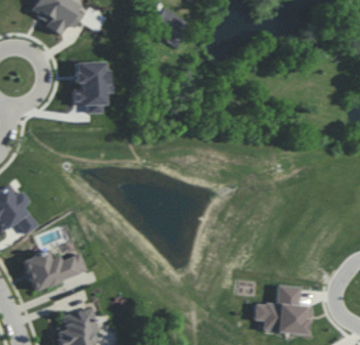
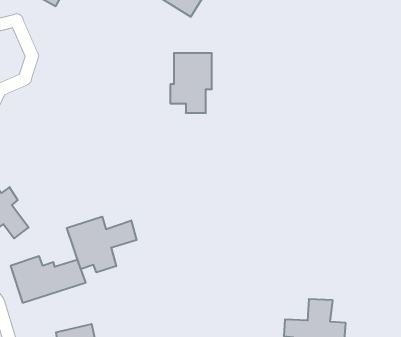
building: [74,61,109,113] -> [170,53,212,113]
building: none -> [67,217,137,272]

